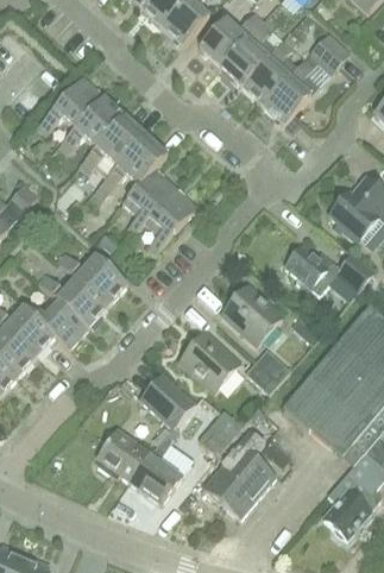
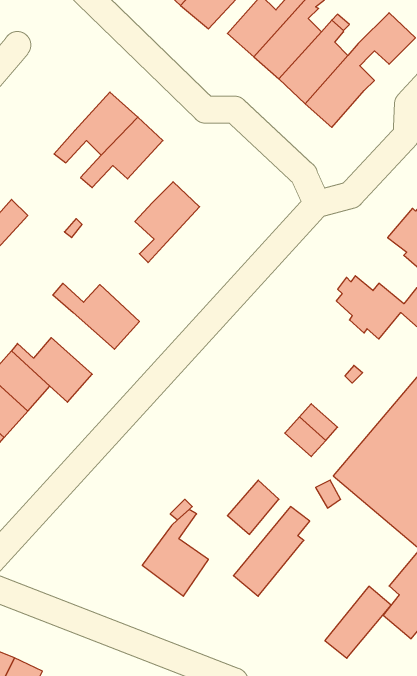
building: [37,77,103,136] -> none
building: [92,136,168,202] -> none
building: [146,189,196,251] -> none
building: [38,271,107,325] -> none
building: [224,285,283,344] -> none
building: [181,333,240,391] -> none
building: [140,373,194,427] -> none
building: [99,429,153,479] -> none
building: [224,460,277,518] -> [325,586,391,658]

